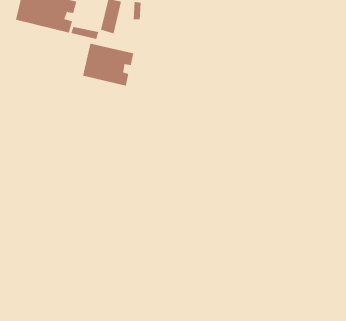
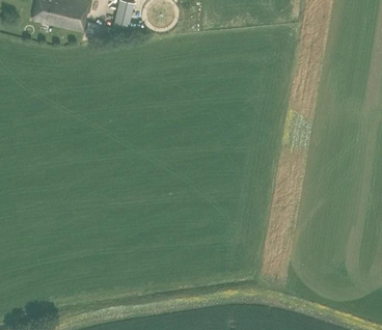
building: [82,43,134,86] -> none

